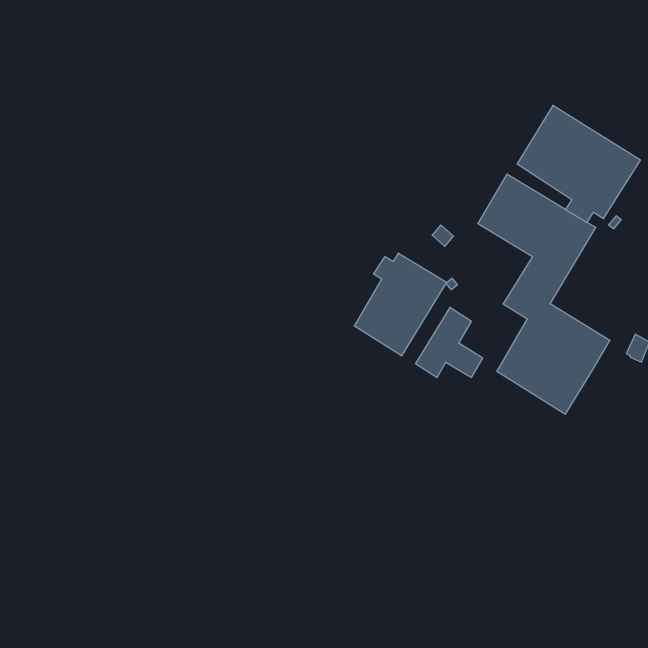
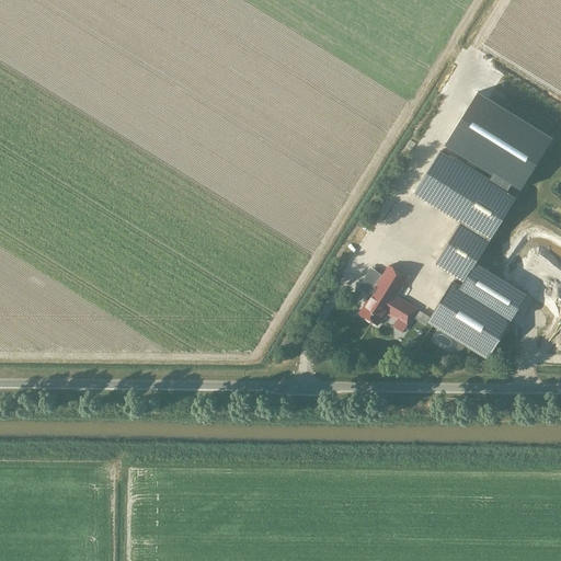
building: [354,253,447,356] -> none

